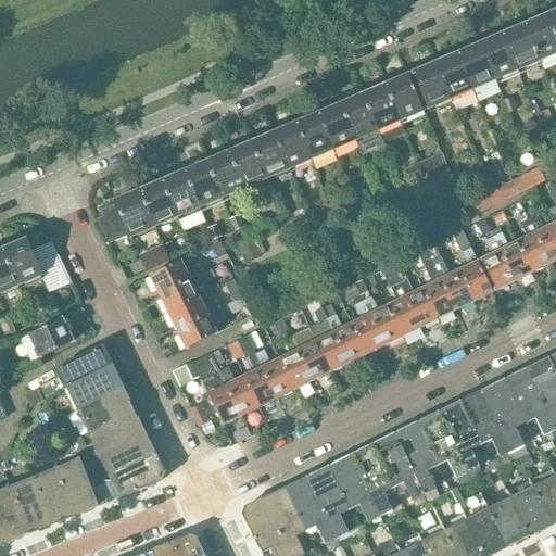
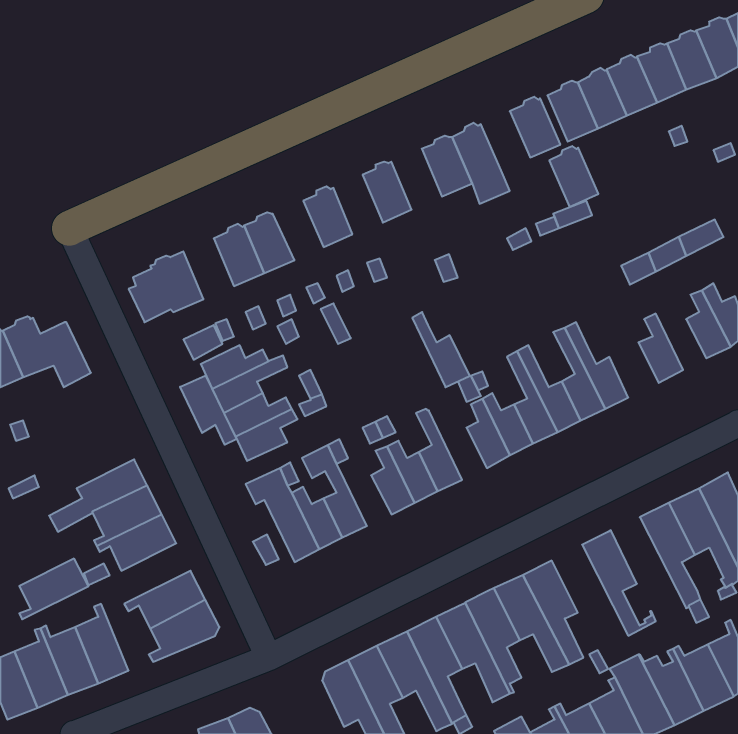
building: [362,83,399,128] -> [549,146,598,207]
building: [294,112,332,157] -> none
building: [251,130,292,180] -> none
building: [205,150,243,195] -> none
building: [138,179,176,225] -> none
building: [453,228,491,299] -> none
building: [493,231,531,278] -> none
building: none -> [180,376,237,445]
building: [323,304,366,361] -> [412,312,470,387]
building: [28,316,74,356] -> none
building: [255,349,294,395] -> none
building: [459,389,516,467] -> none
building: [91,408,143,454] -> [19,559,89,619]
building: [415,409,472,483] -> none

